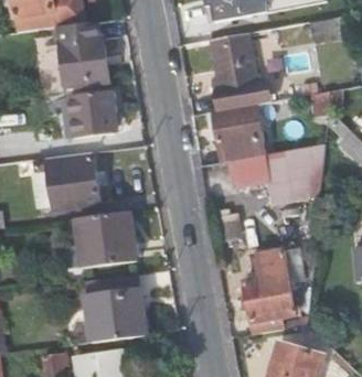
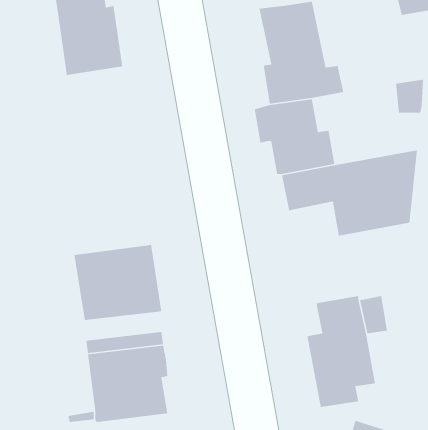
building: [66,93,116,138] -> none
building: [33,152,100,208] -> none

